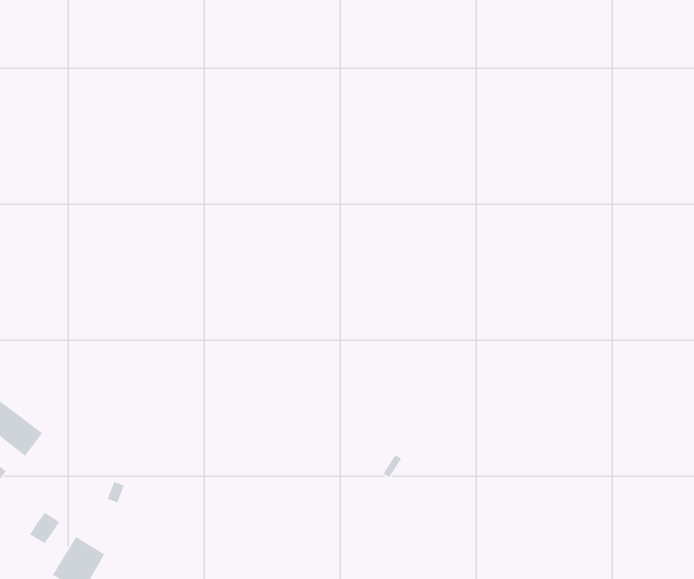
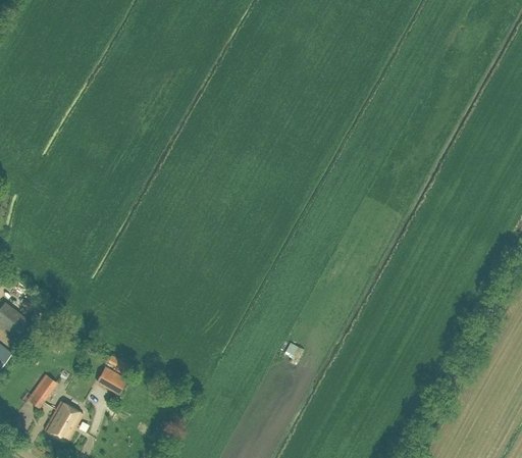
building: none -> [96,365,127,394]

